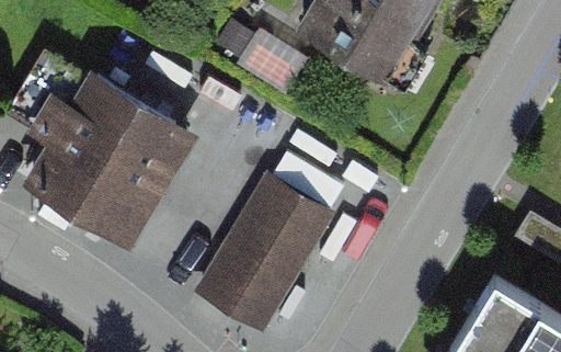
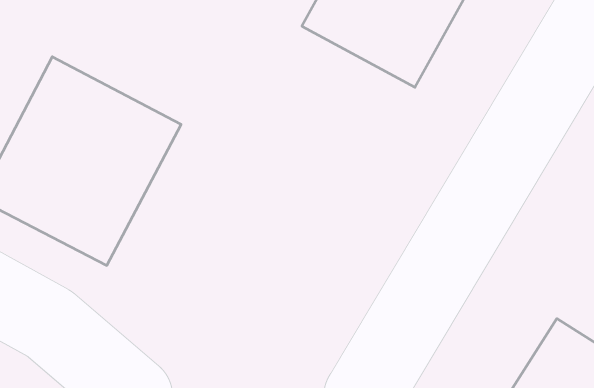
building: [193,168,333,330] -> none

